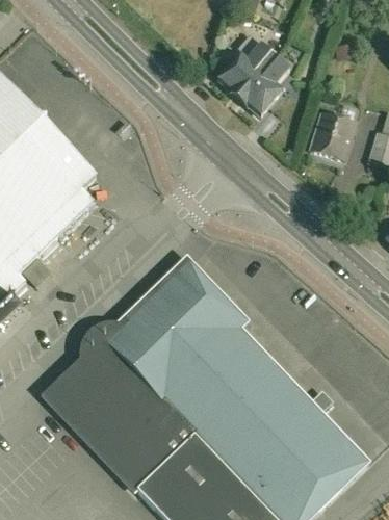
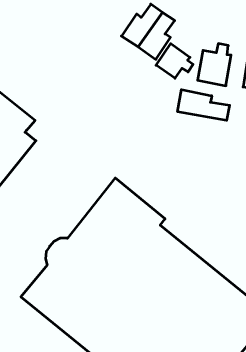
building: none -> [156,44,193,78]
building: none -> [178,90,230,120]

